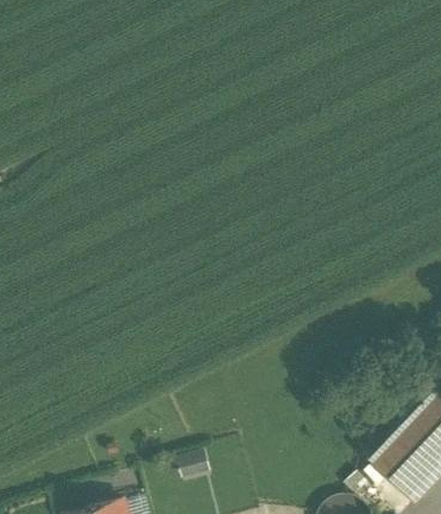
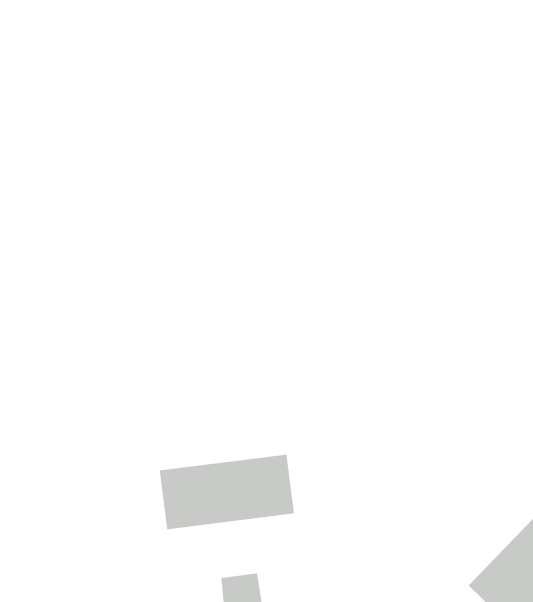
building: none -> [159,454,295,530]

